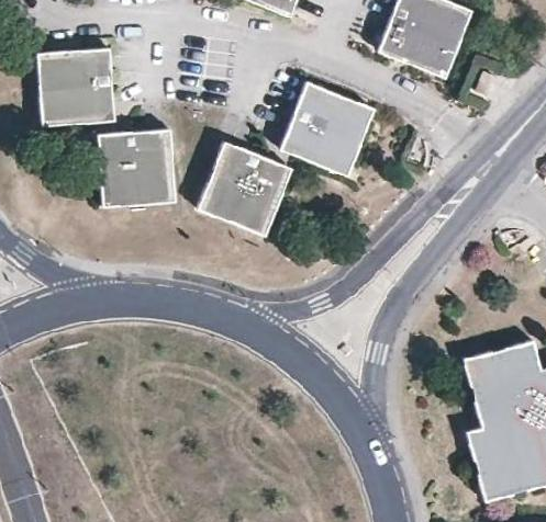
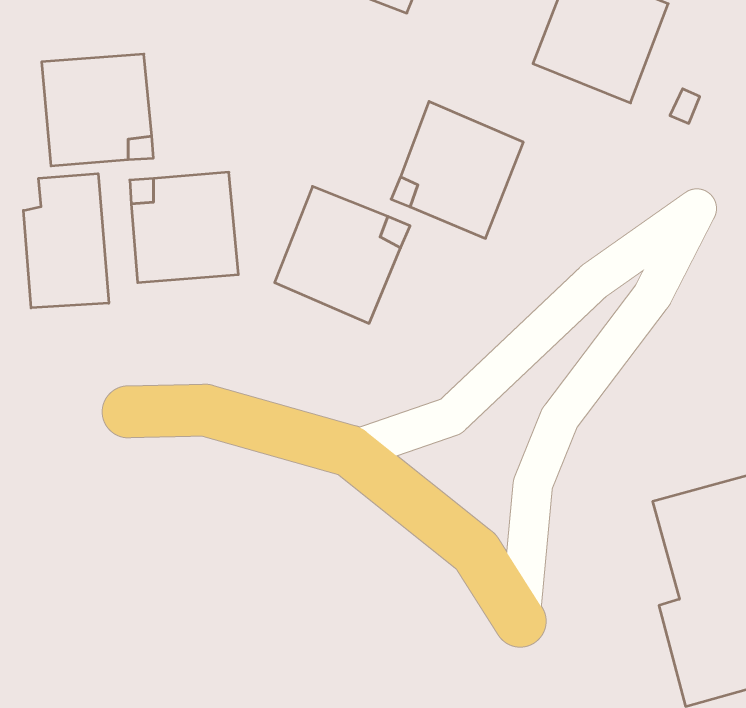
building: none -> [23,174,109,308]

